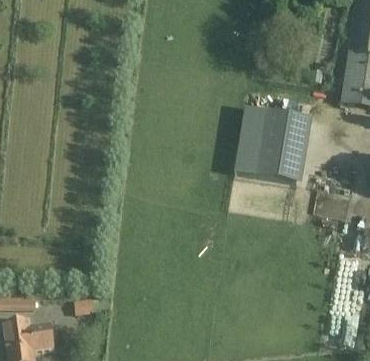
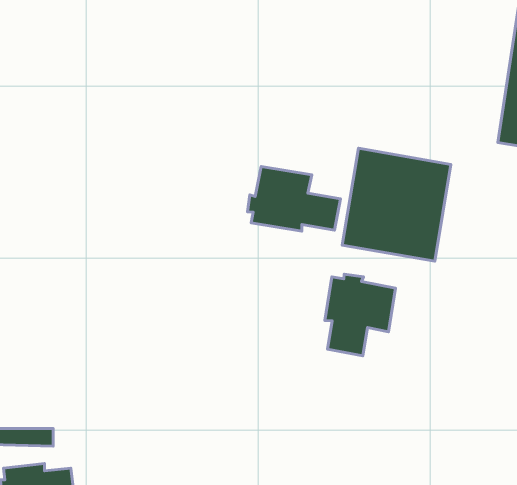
building: none -> [248,166,341,231]
building: none -> [325,274,396,356]

